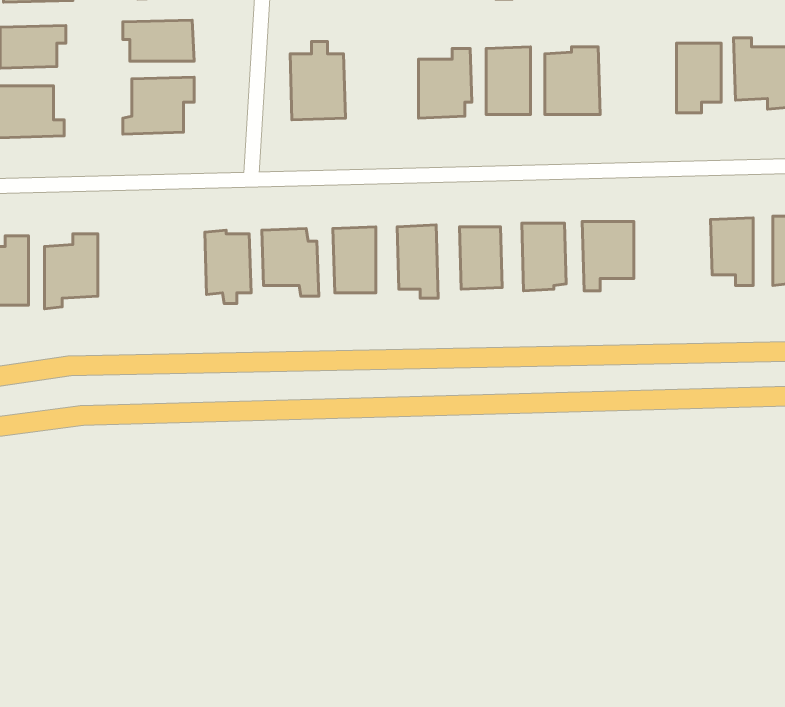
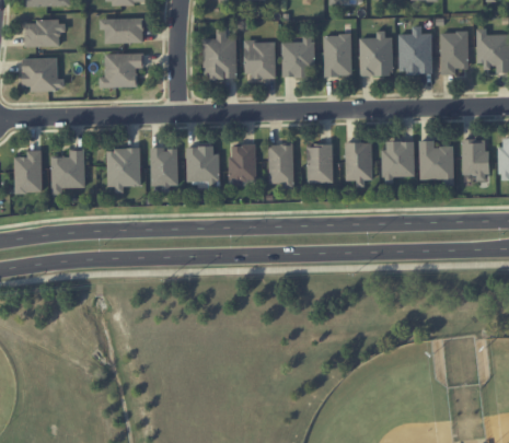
building: none -> [397,26,432,74]
building: none -> [243,40,275,78]
building: none -> [419,140,453,185]
building: none -> [106,148,140,189]

